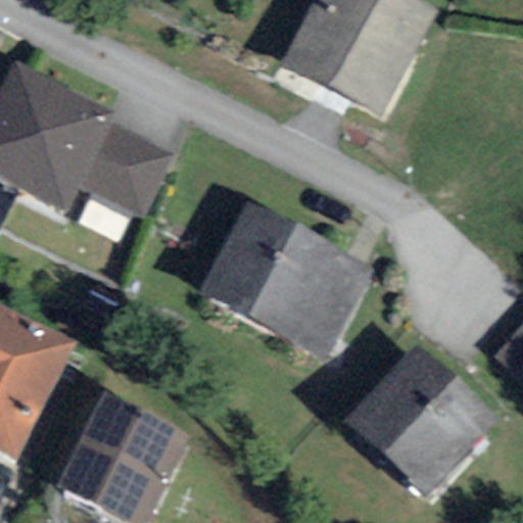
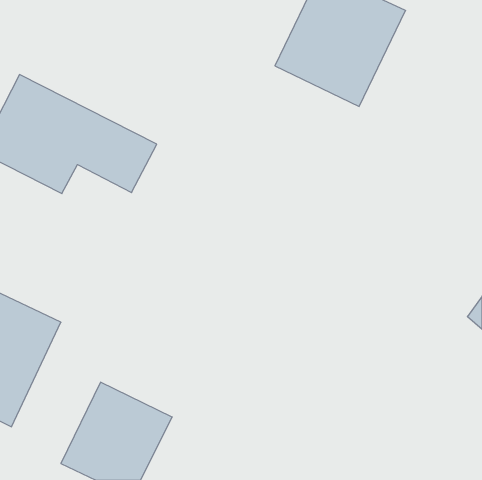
building: [209,213,356,345] -> none
building: [359,358,483,482] -> none

